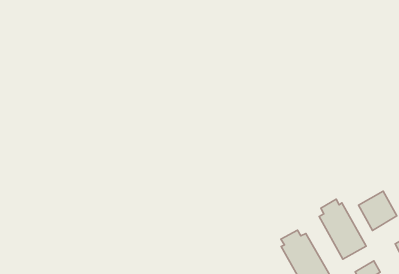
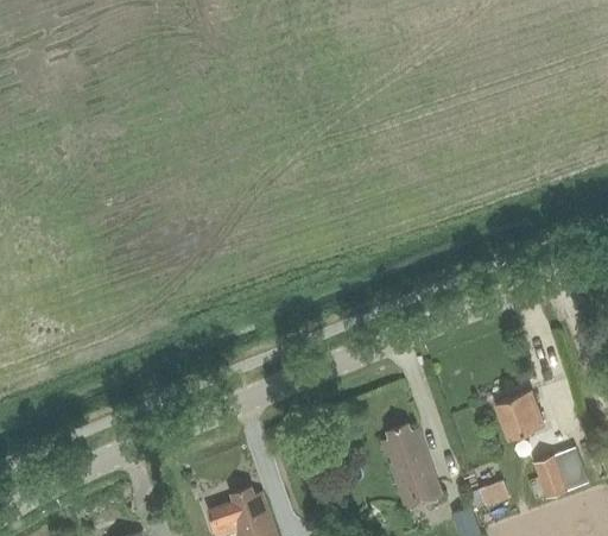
building: [319,199,366,259] -> none

